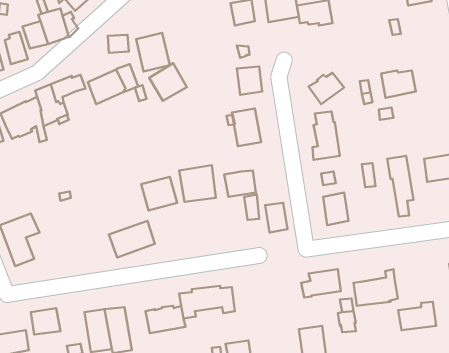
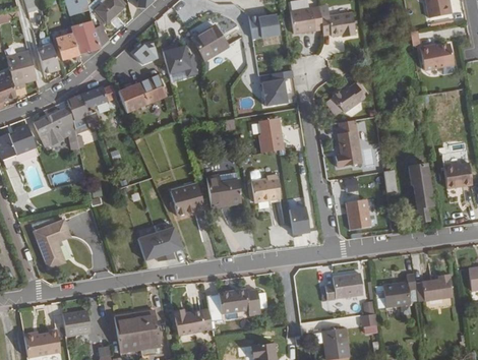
building: [149,63,187,101] -> [191,23,228,60]
building: [381,70,416,98] -> [420,44,454,70]
building: [398,302,436,330] -> [415,274,452,301]

